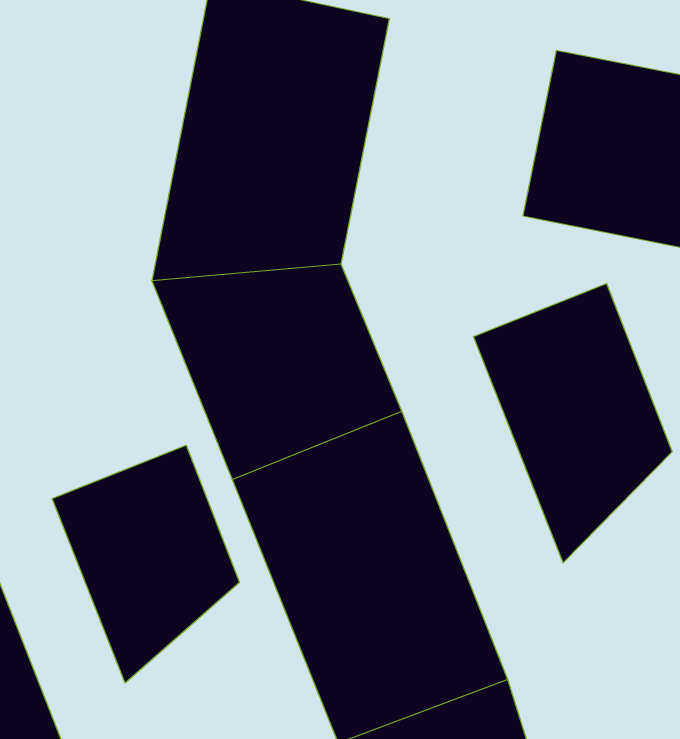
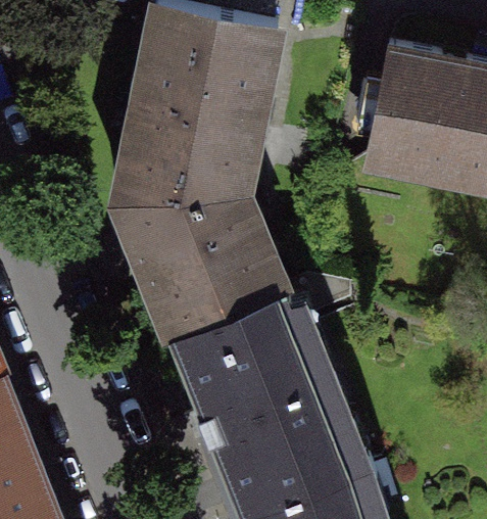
building: [474,283,672,563] -> none
building: [52,445,239,683] -> none

